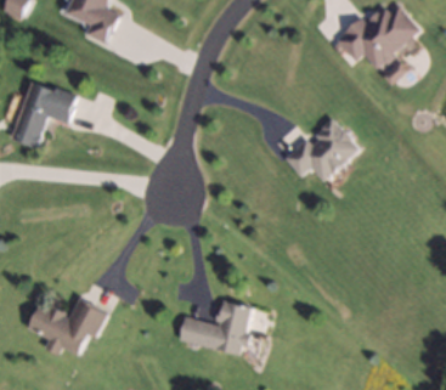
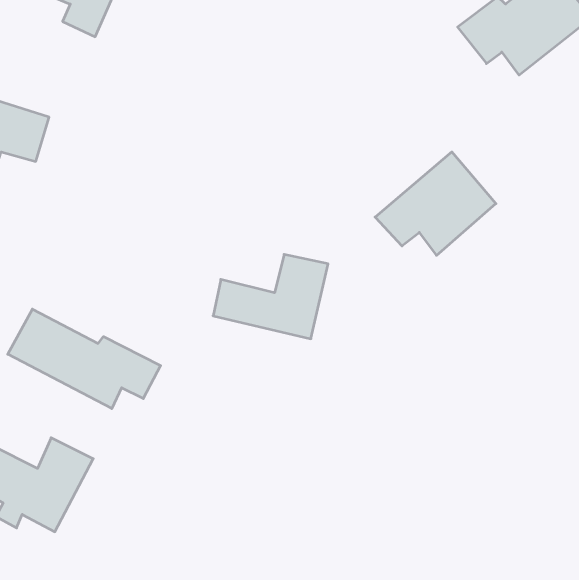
building: none -> [8,309,161,409]
building: [177,301,250,355] -> [213,254,328,339]

